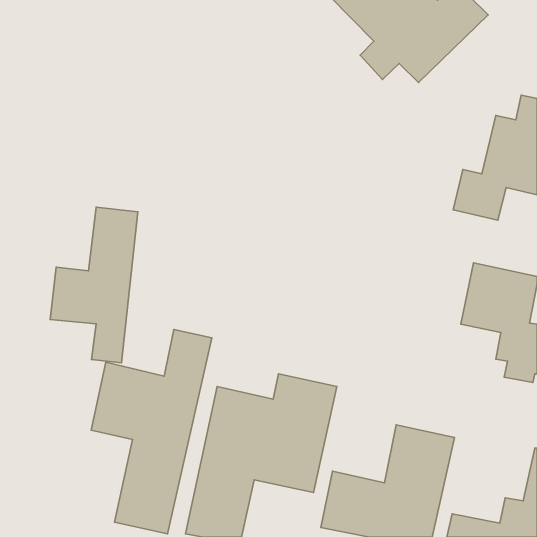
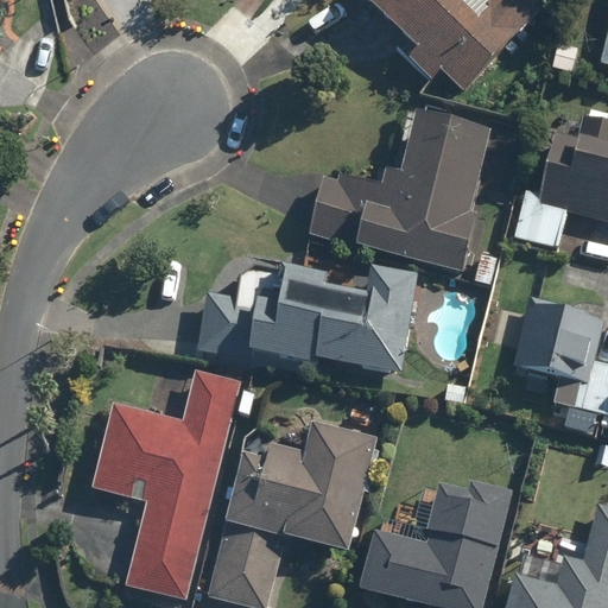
building: none -> [310,107,492,272]
building: [50,207,138,363] -> none
building: none -> [197,265,418,374]

